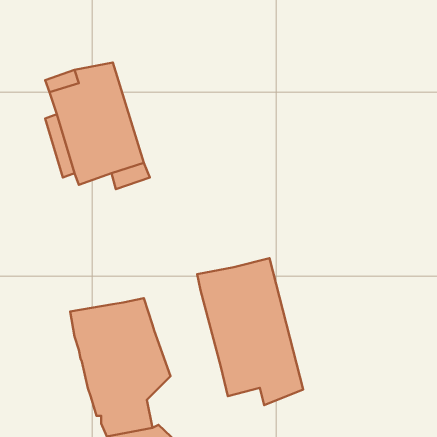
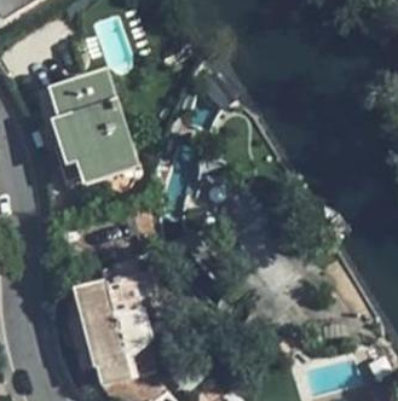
building: [197,258,303,405] -> none

